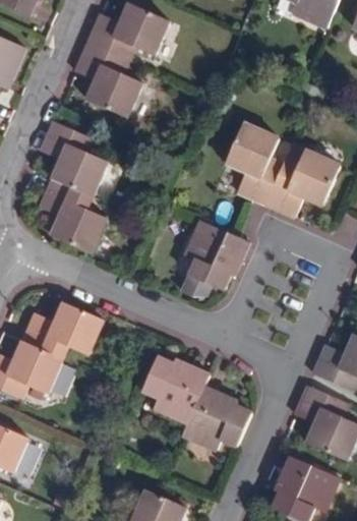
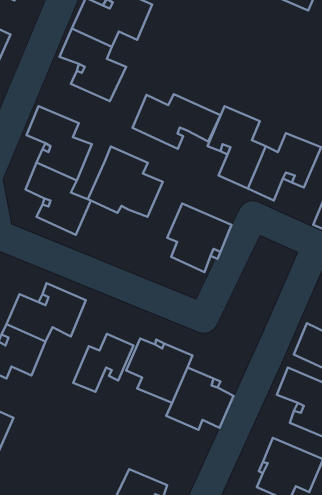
building: none -> [132,94,221,149]
building: none -> [88,146,163,217]
building: none -> [73,334,133,392]

